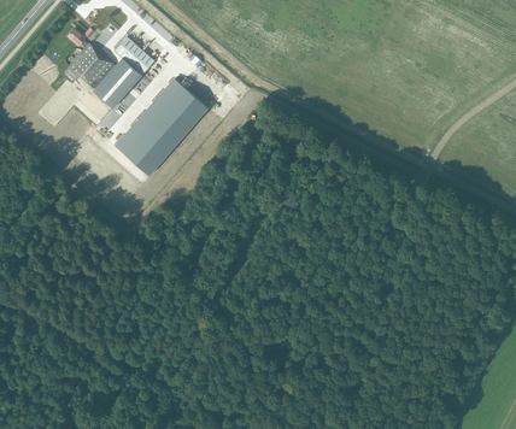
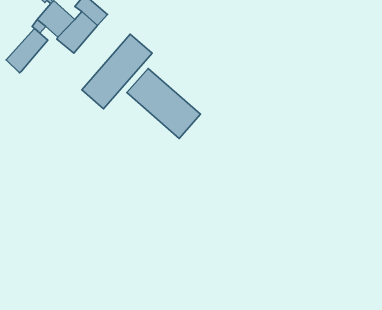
building: none -> [6,28,48,73]
building: none -> [127,69,201,138]

